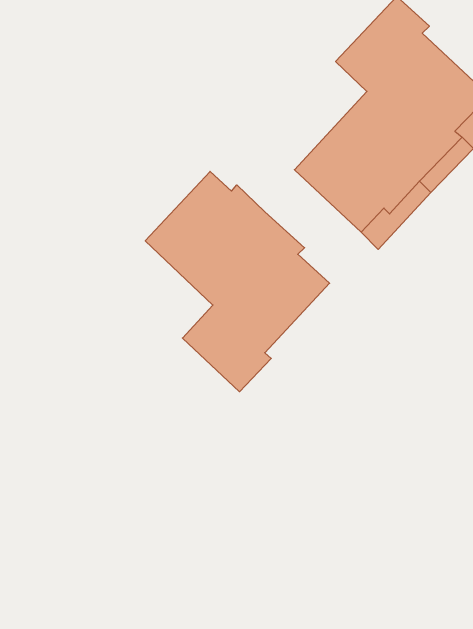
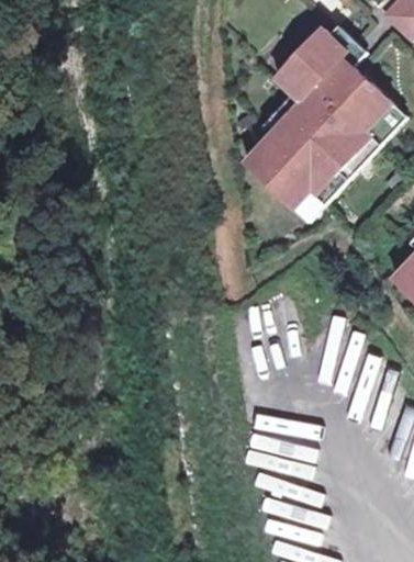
building: [145,171,330,392] -> none

